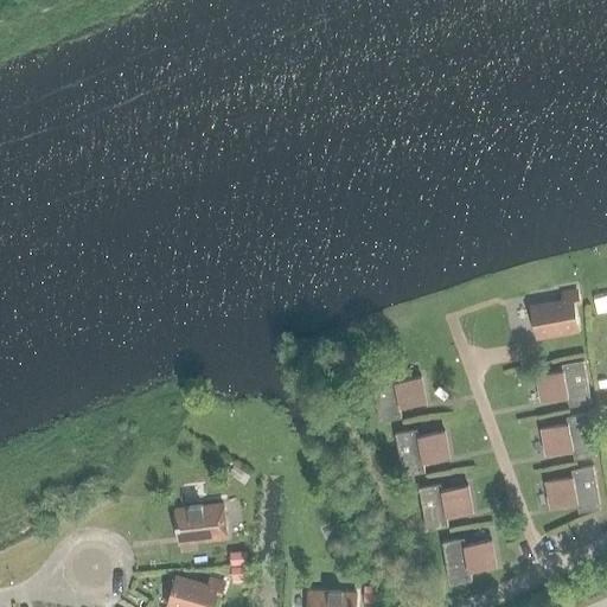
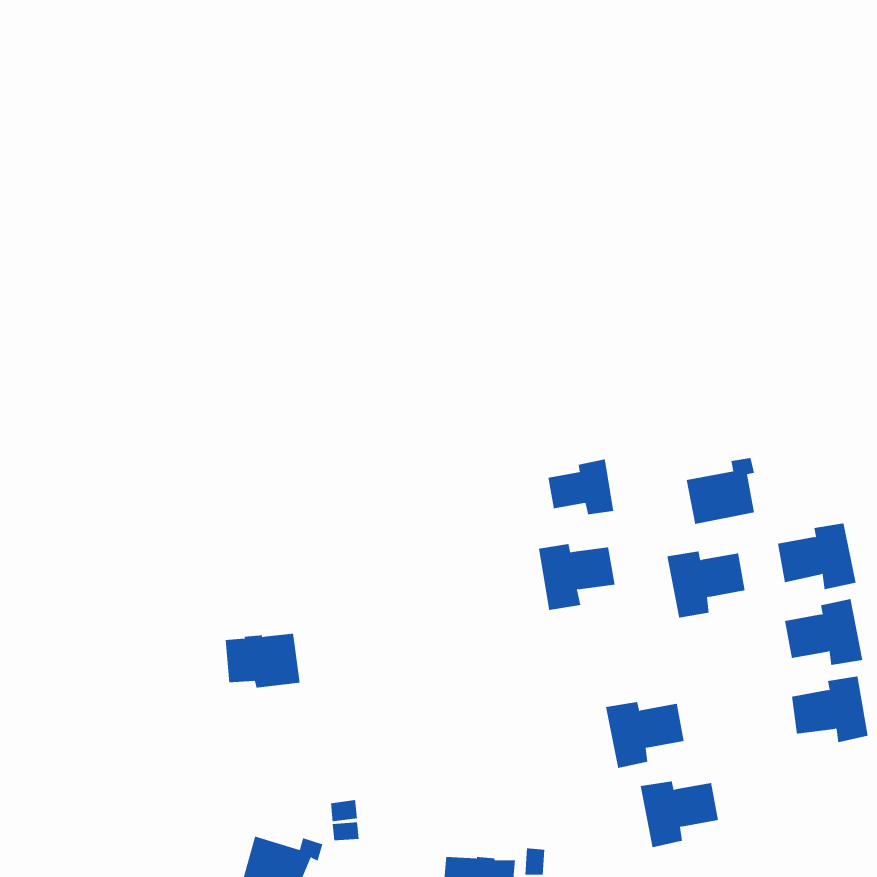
building: [530,293,577,339] -> [686,457,755,524]
building: none -> [548,458,614,515]
building: [394,430,448,477] -> [667,551,746,618]
building: [174,505,226,543] -> [225,633,301,688]

